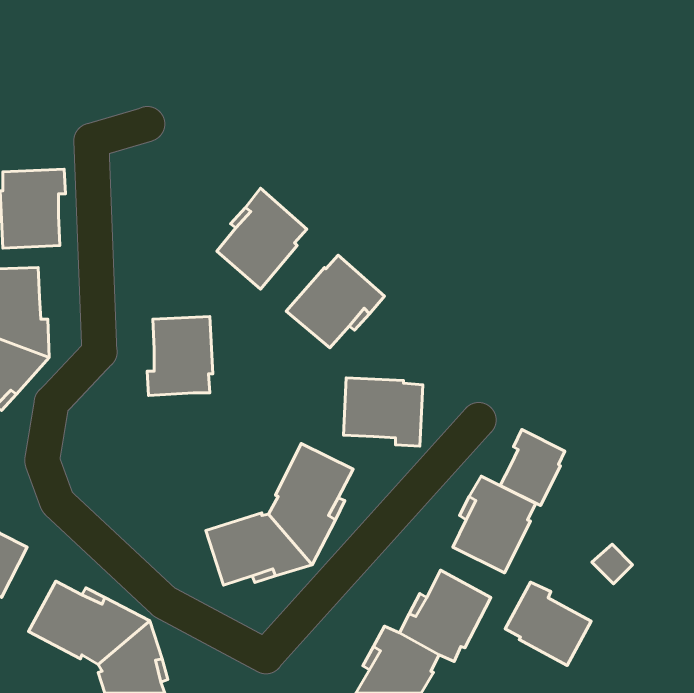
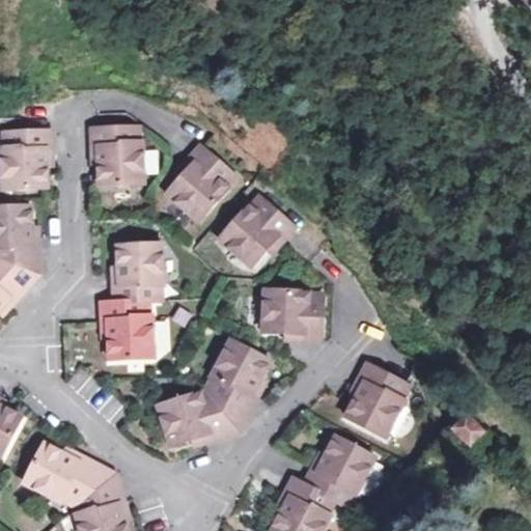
building: none -> [90,124,142,185]
building: none -> [101,299,152,359]
building: [500,430,565,506] -> none
building: [505,582,591,665] -> none

